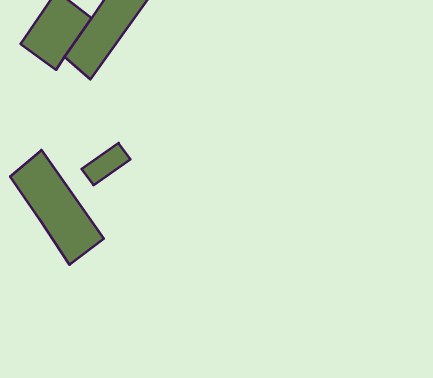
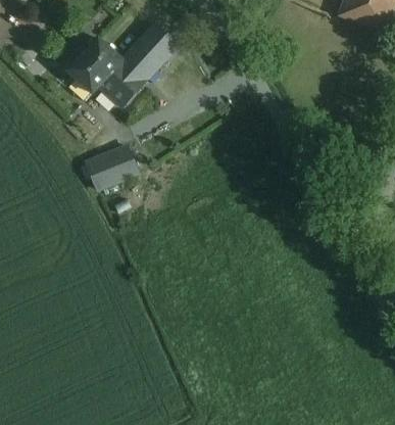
building: [10,150,104,265] -> none

